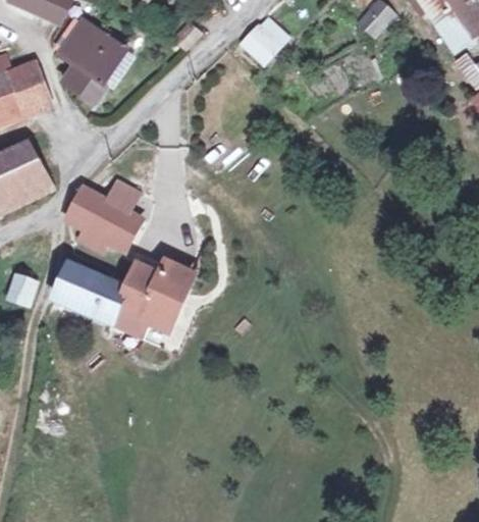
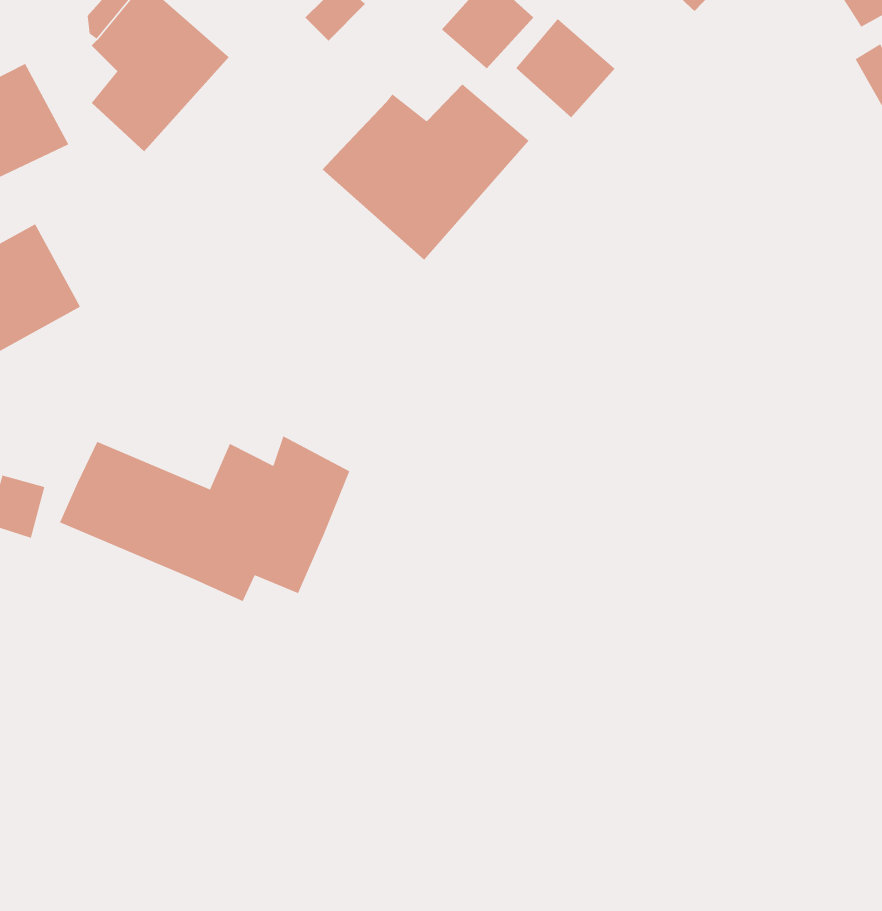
building: none -> [516,18,615,118]
building: none -> [322,84,529,261]
building: [65,175,146,251] -> none

